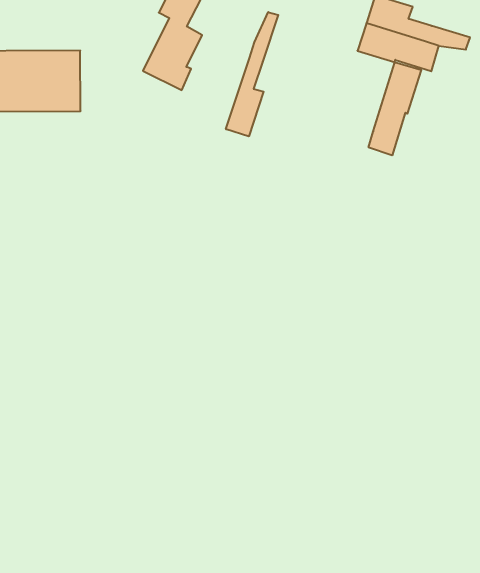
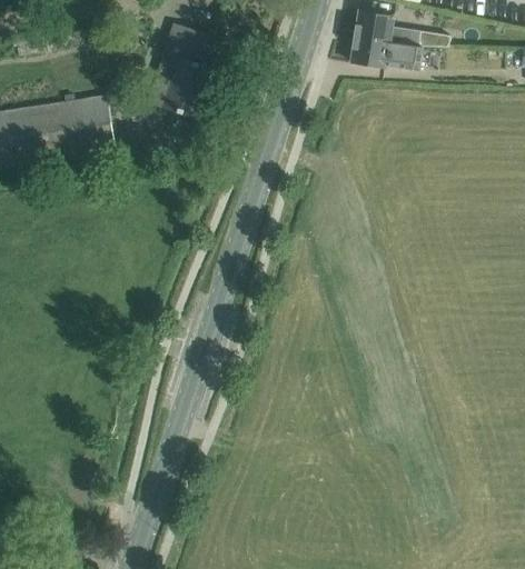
building: [226,12,278,136] -> none
building: [369,62,421,155] -> none

